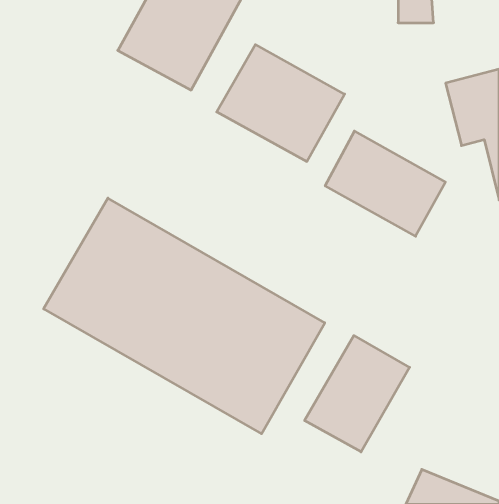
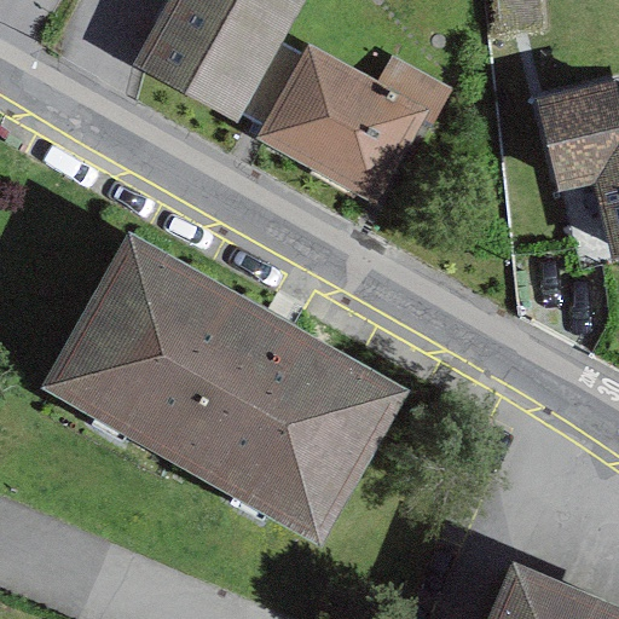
building: [325,131,445,236] -> none
building: [305,336,410,452] -> none

